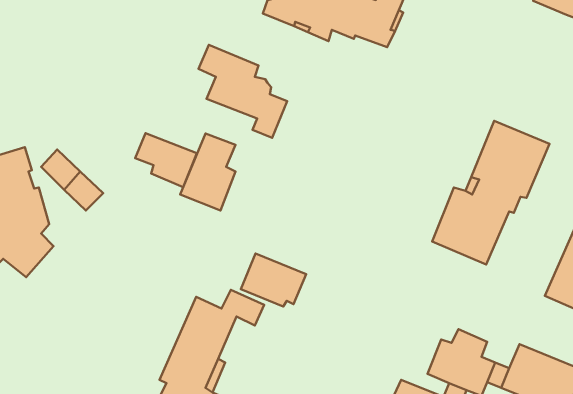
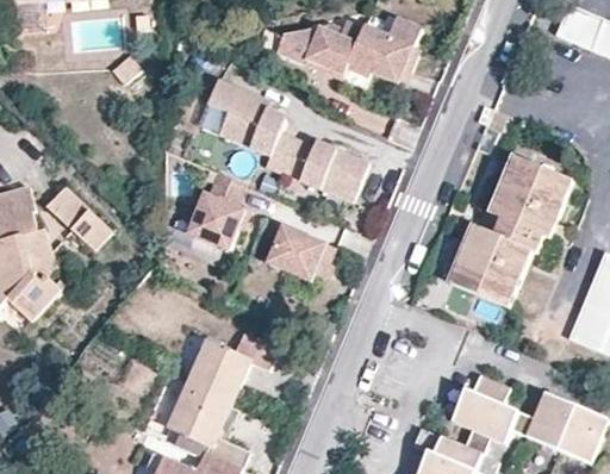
building: none -> [285,137,369,202]
building: [135,133,197,187] -> none
building: [241,254,306,306] -> [269,225,337,280]

